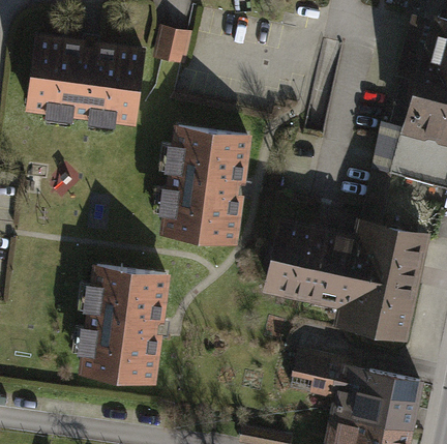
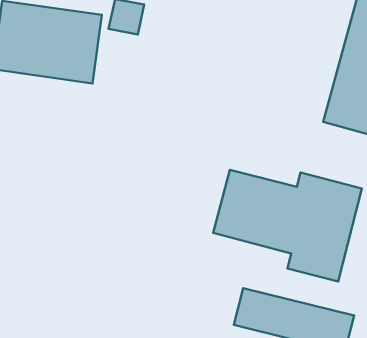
building: [157,124,250,245] -> none
building: [77,265,168,383] -> none

